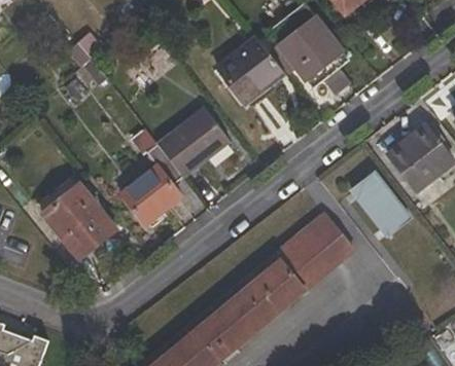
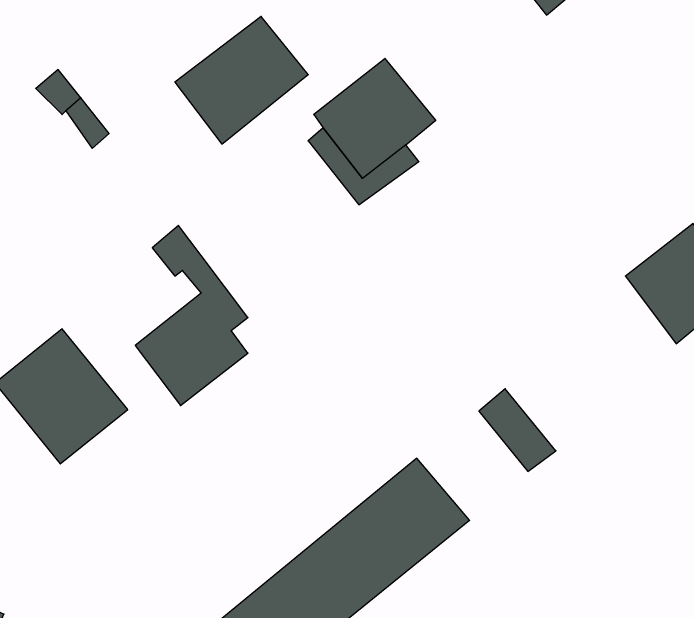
building: [279,17,341,80] -> none
building: [156,108,230,178] -> [175,16,308,144]
building: [348,172,413,240] -> none
building: [275,229,336,289] -> none

